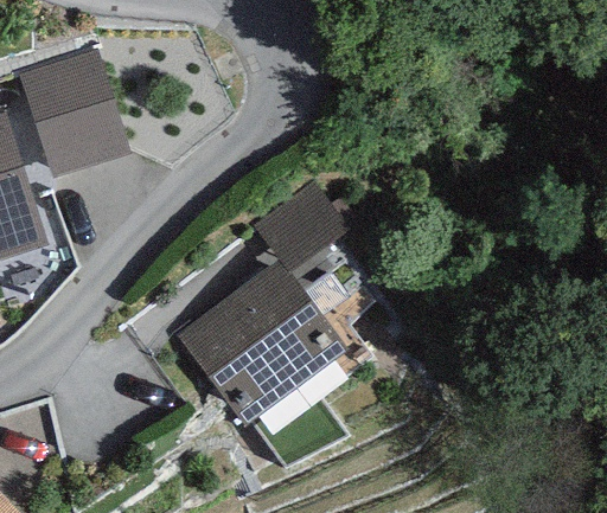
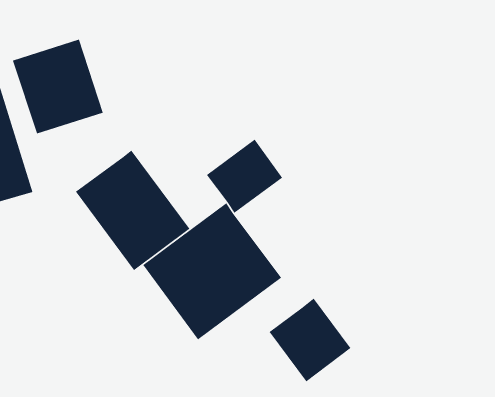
building: none -> [75,149,190,271]
building: none -> [269,298,351,382]

